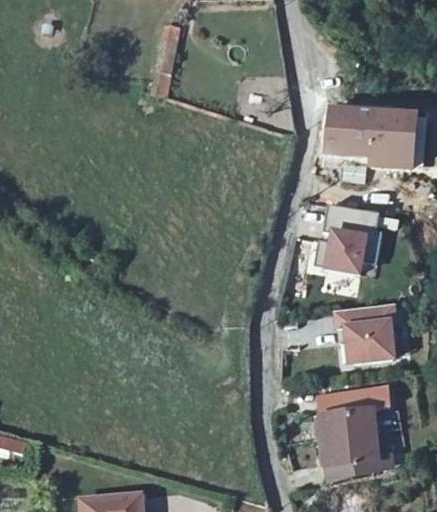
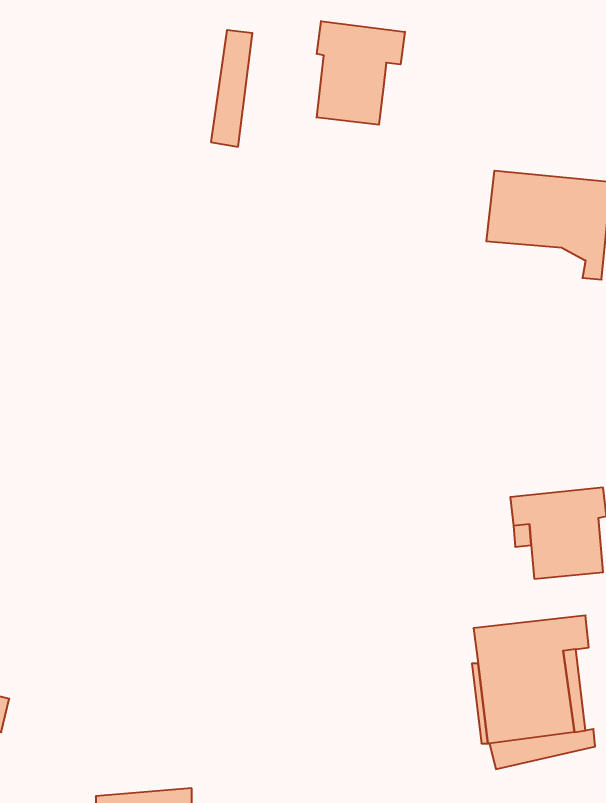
building: none -> [317,21,405,125]
building: [315,204,383,273] -> none

